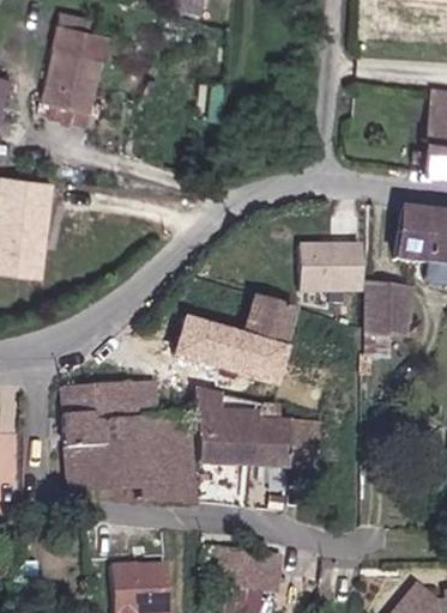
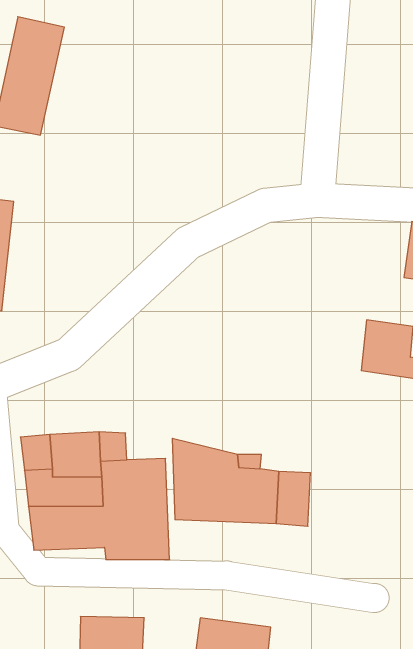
building: [301,239,362,287] -> none
building: [177,291,300,381] -> none

